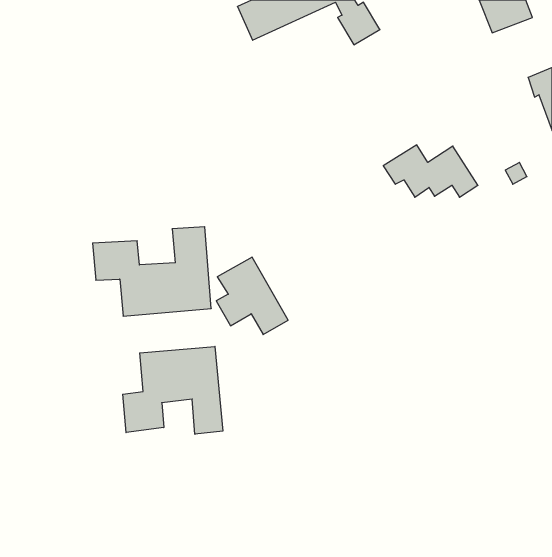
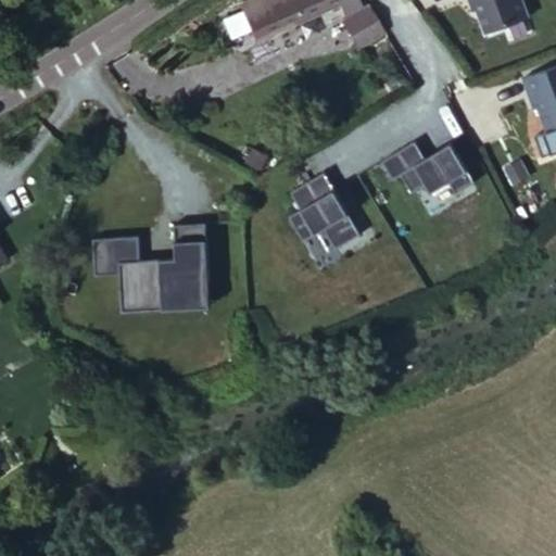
building: [216,257,288,335] -> [291,176,363,253]
building: [123,346,223,434] -> none

